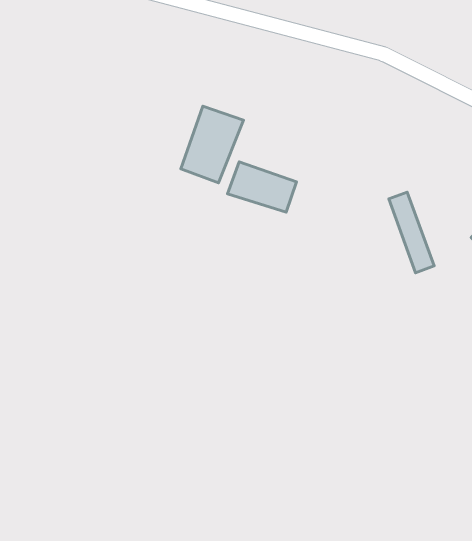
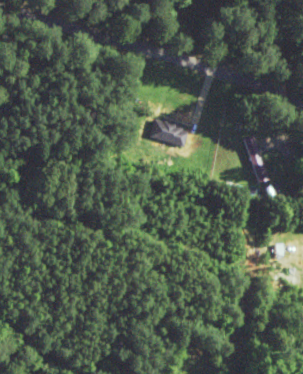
building: [181,106,243,183] -> none

